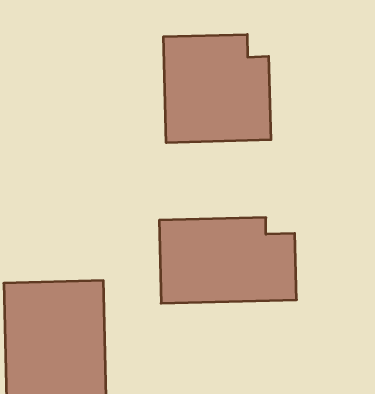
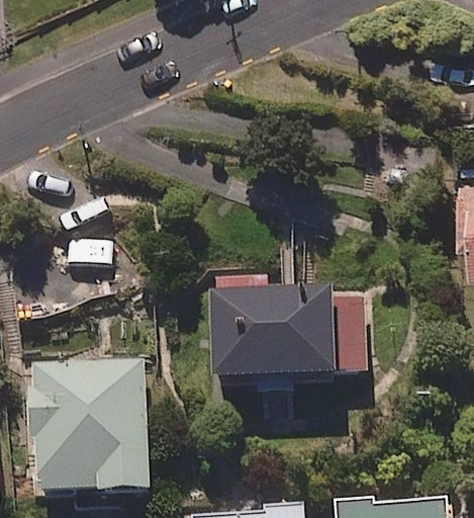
building: [164,34,271,143] -> none

